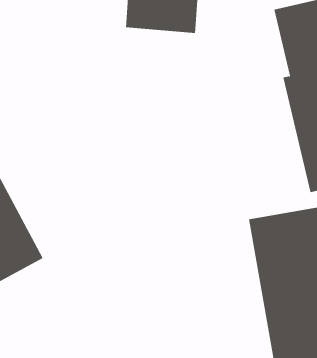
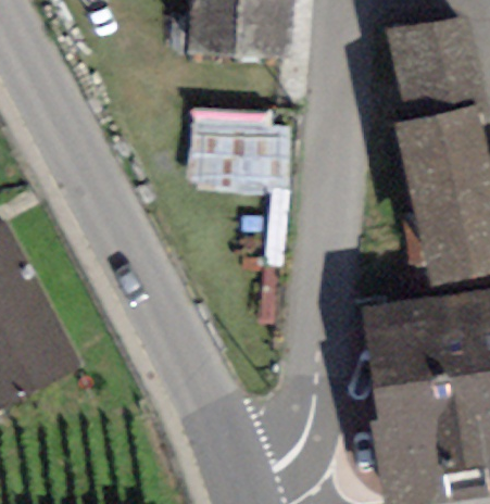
building: none -> [192,111,296,187]

